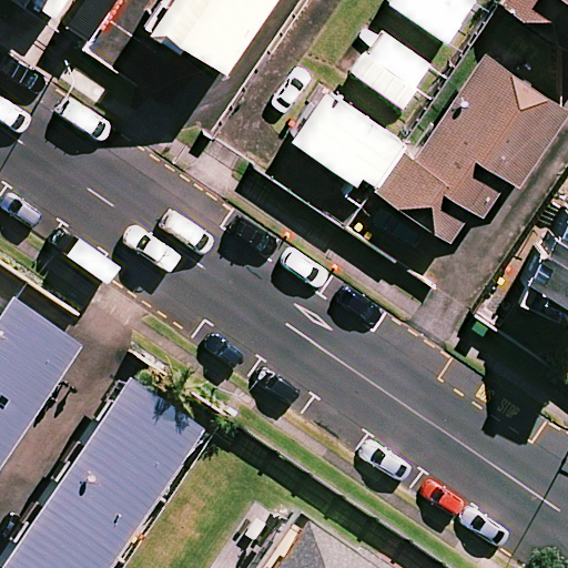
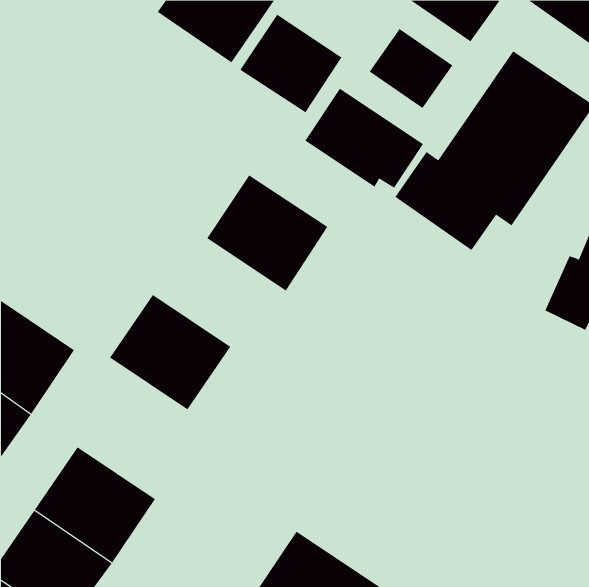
building: none -> [240,14,342,113]
building: none -> [206,175,328,292]
building: [82,374,197,484] -> [109,294,231,410]

